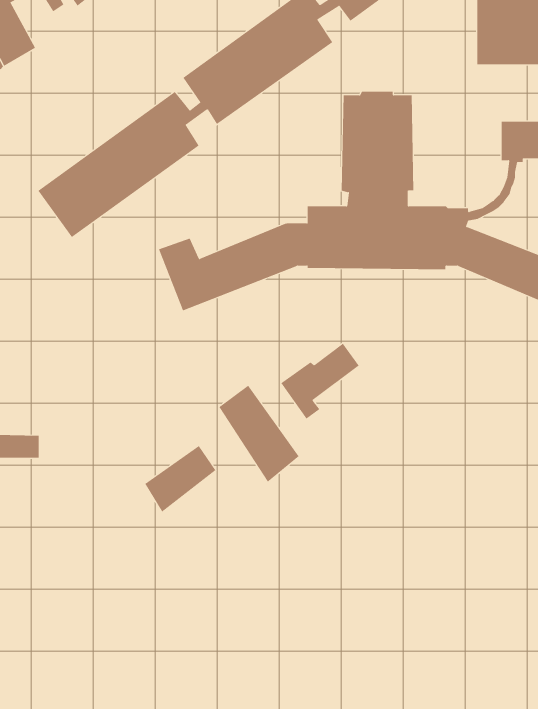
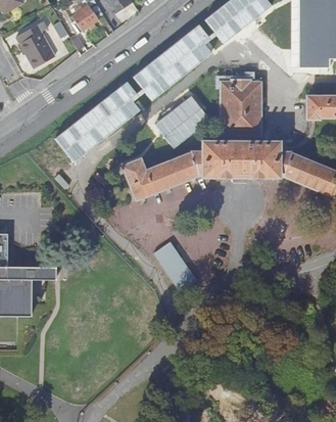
building: none -> [155,95,210,146]
building: [280,343,359,420] -> none
building: [145,445,216,512] -> none

